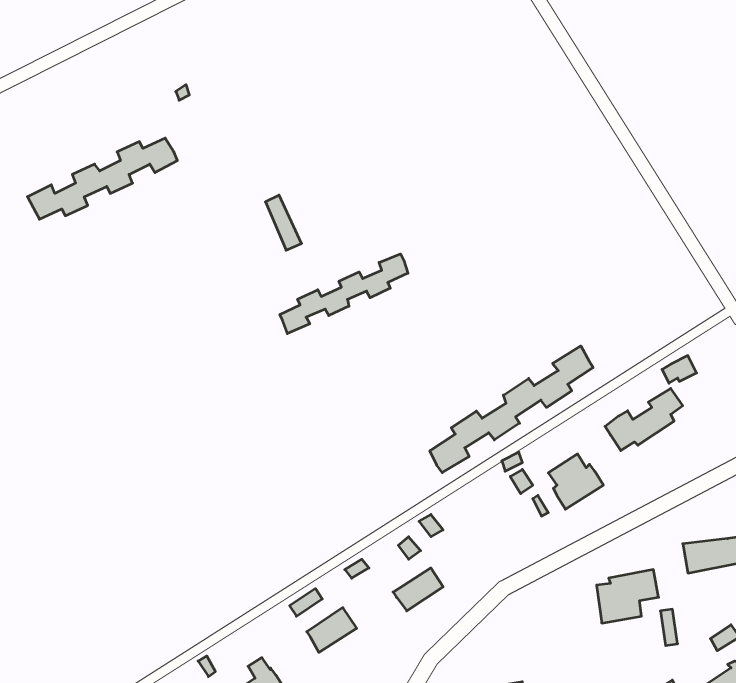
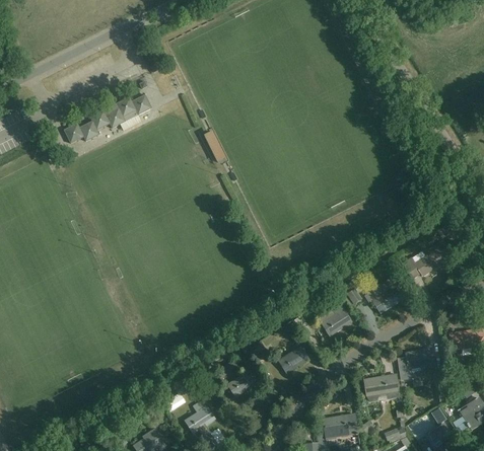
building: [280,254,408,334] -> none
building: [430,346,593,473] -> none
building: none -> [321,297,351,336]
building: none -> [363,375,398,402]

